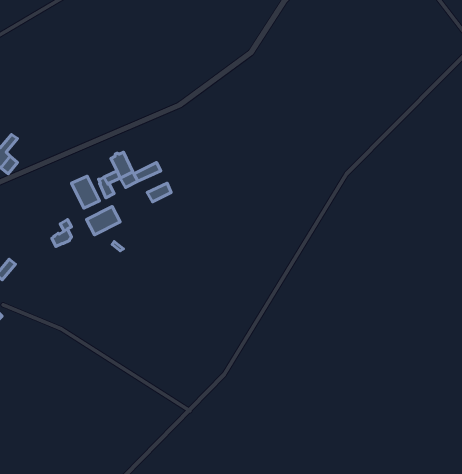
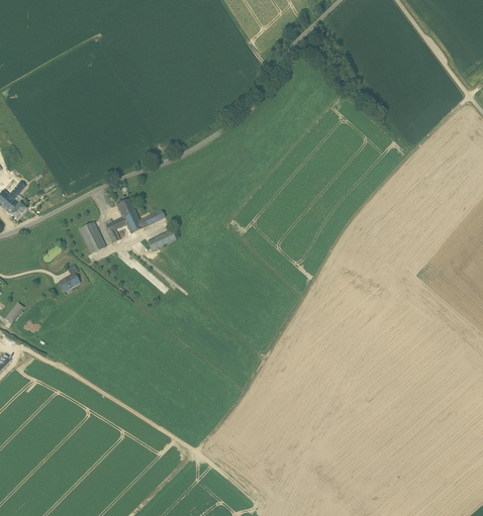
building: [86,207,120,235] -> none

